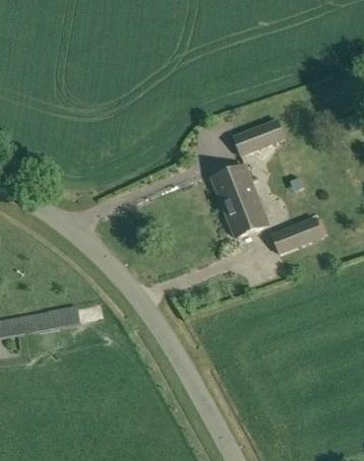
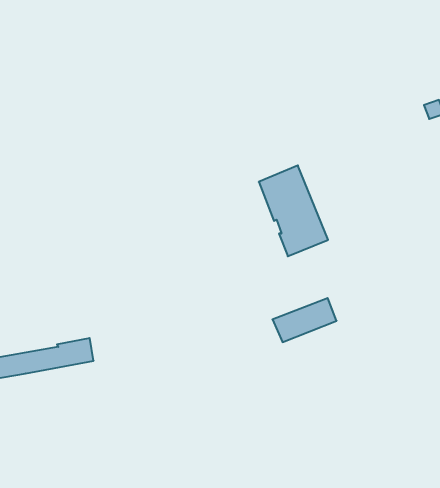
building: [233,120,285,156] -> none
building: [271,218,323,254] -> [272,298,337,342]

